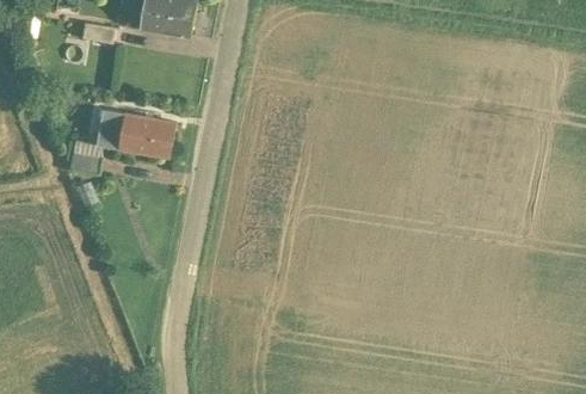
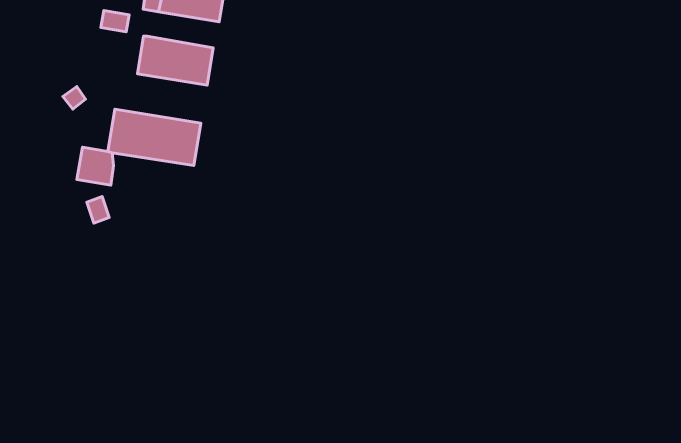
building: none -> [138,36,213,85]

